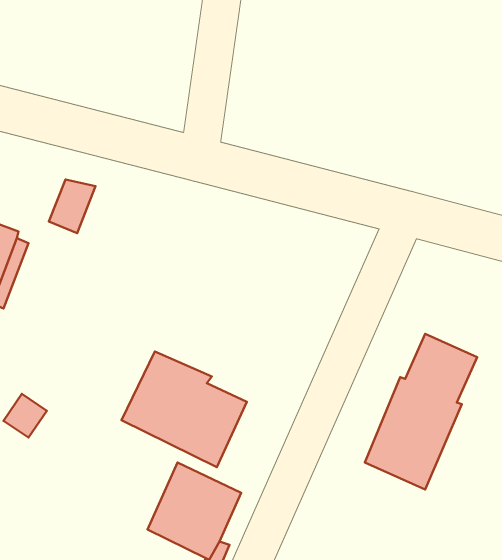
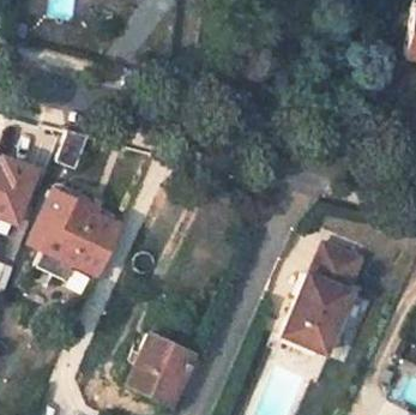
building: [121,351,247,467] -> [29,191,119,273]

